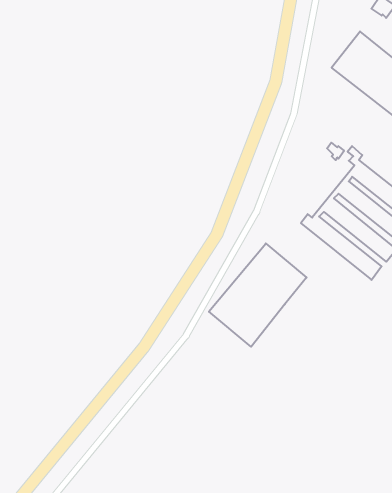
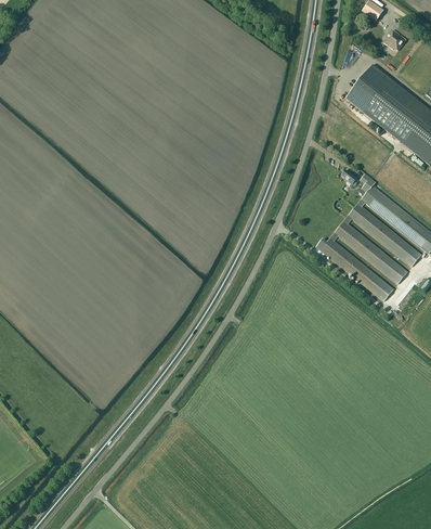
building: [209,243,307,347] -> none

